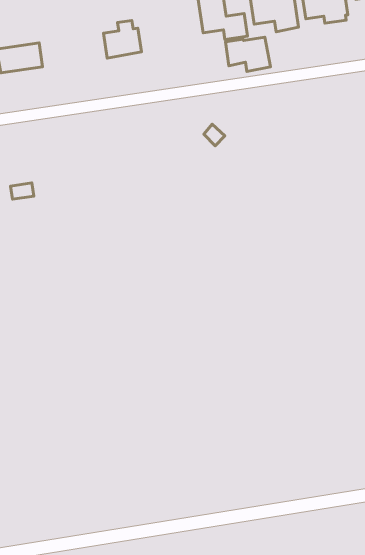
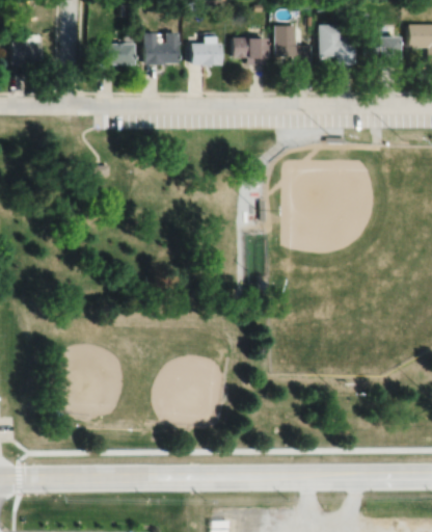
building: none -> [142,33,178,65]
building: [225,37,270,72] -> [233,37,268,65]

